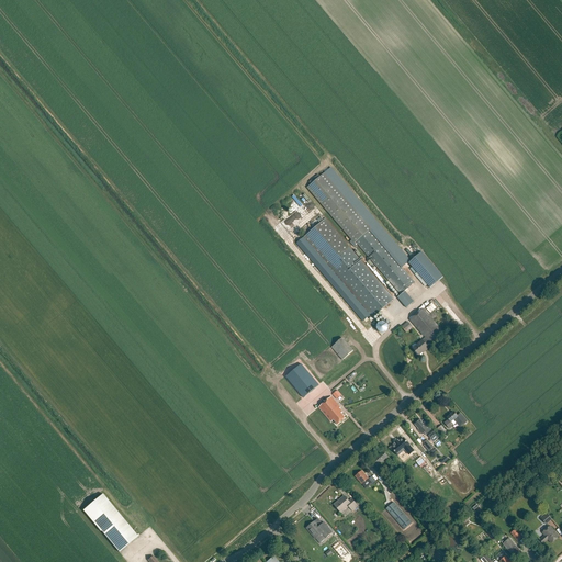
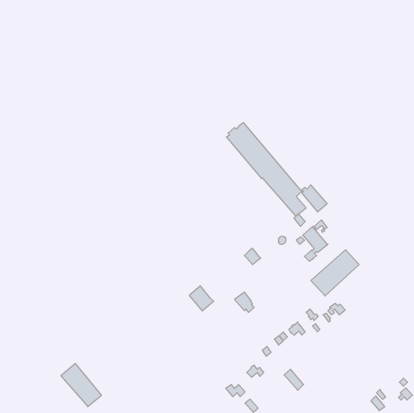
building: [295,215,393,319] -> none
building: none -> [311,250,359,296]
building: [285,362,318,396] -> [189,286,214,311]

